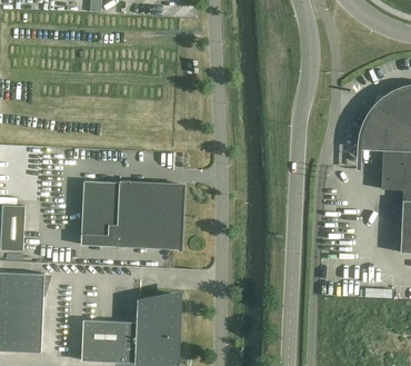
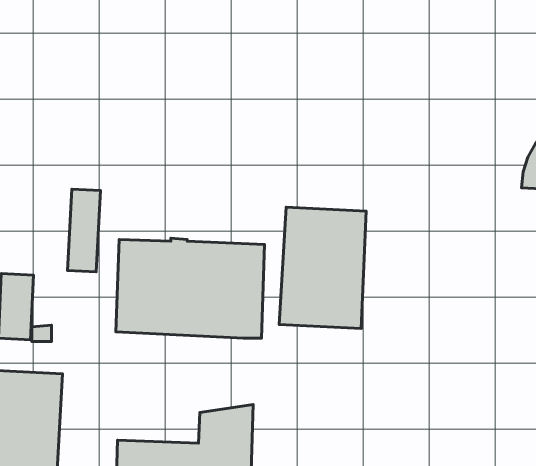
building: none -> [68,189,100,272]
building: none -> [279,207,366,329]

